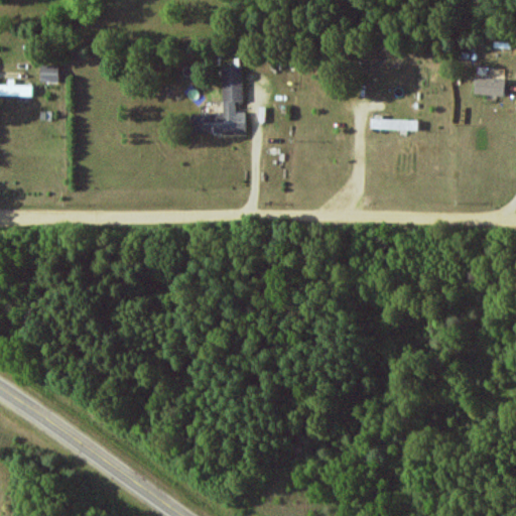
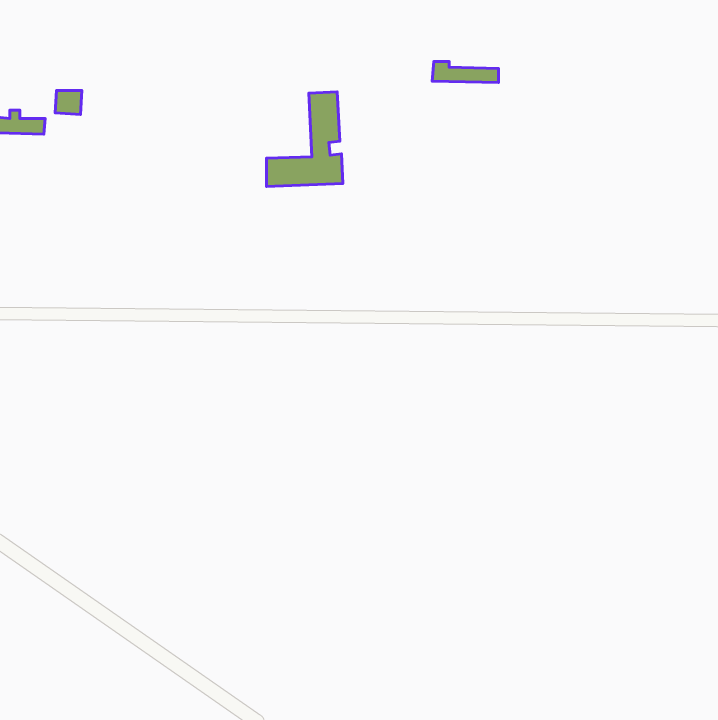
building: [474,78,505,97] -> none
building: [371,115,418,130] -> [432,61,499,83]

